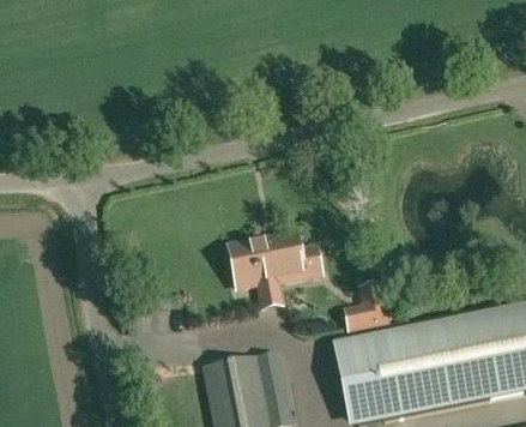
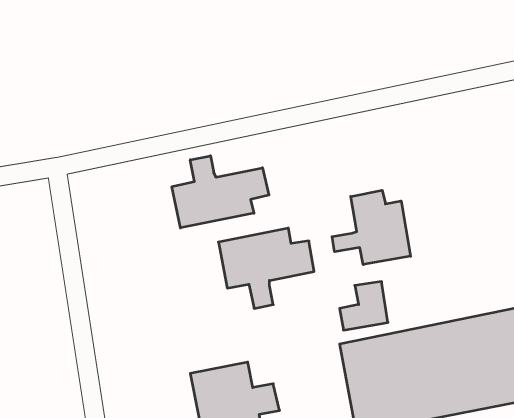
building: none -> [172,156,269,228]
building: none -> [332,190,411,265]

